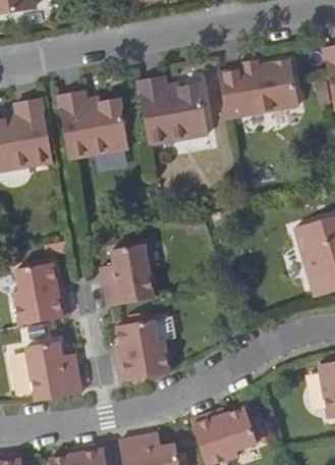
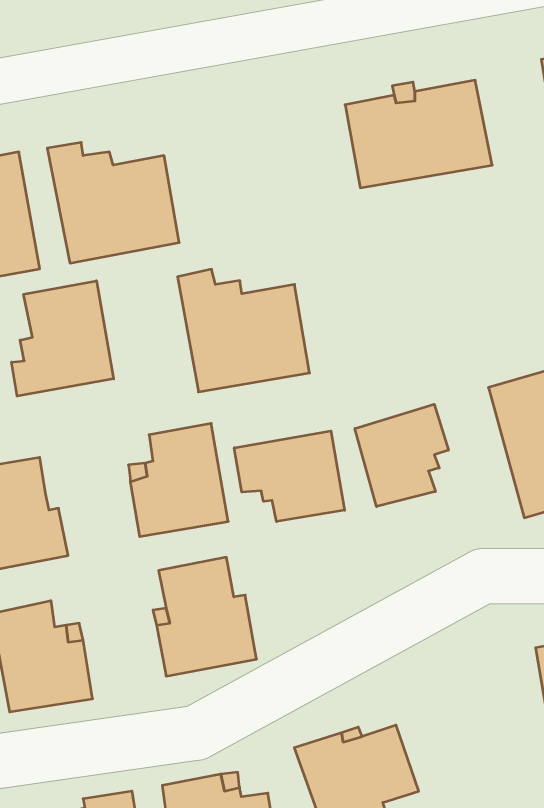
building: [137,79,209,145] -> [178,269,310,392]
building: none -> [12,281,114,396]
building: none -> [355,404,448,507]
building: none -> [234,431,345,522]

